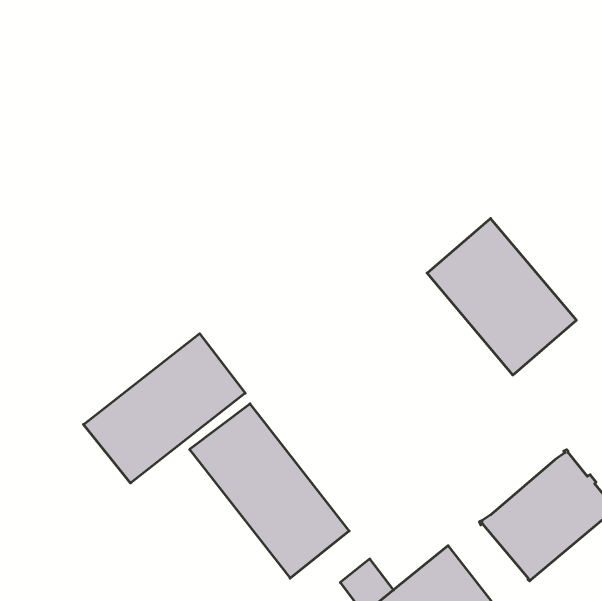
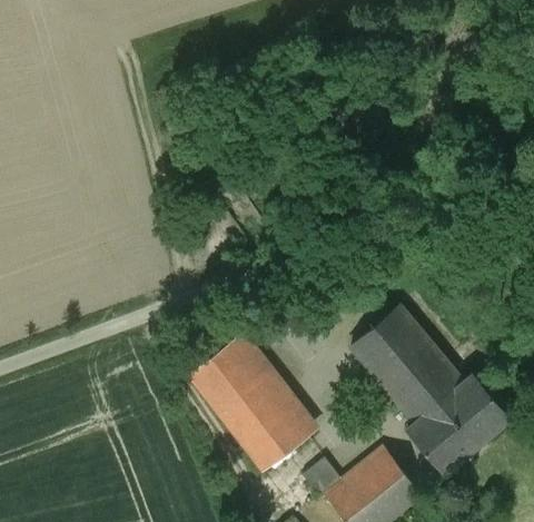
building: [427,218,576,375] -> [352,306,464,424]
building: [83,334,245,483] -> none

